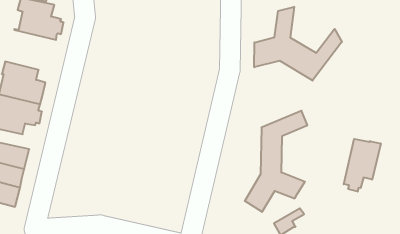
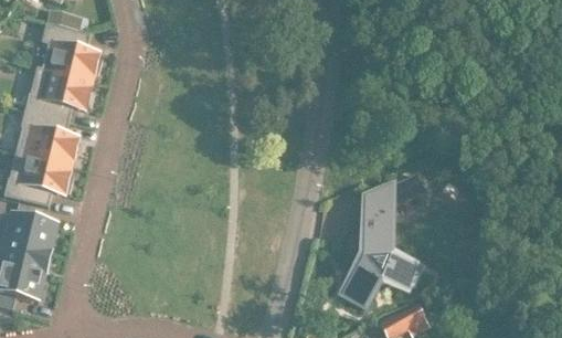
building: [254,7,342,81] -> none
building: none -> [24,66,94,119]
building: [344,139,381,192] -> none

